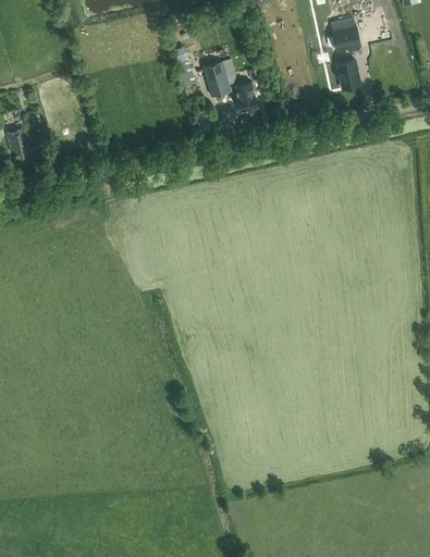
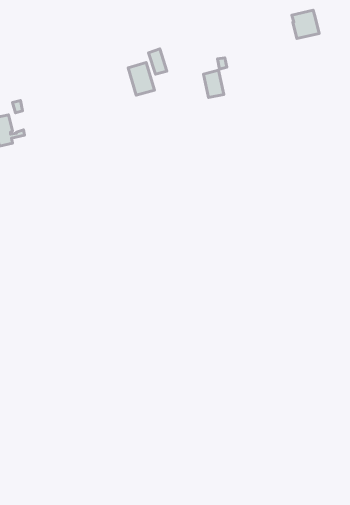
building: [337,62,360,91] -> none
building: [204,63,232,98] -> [128,63,154,95]

